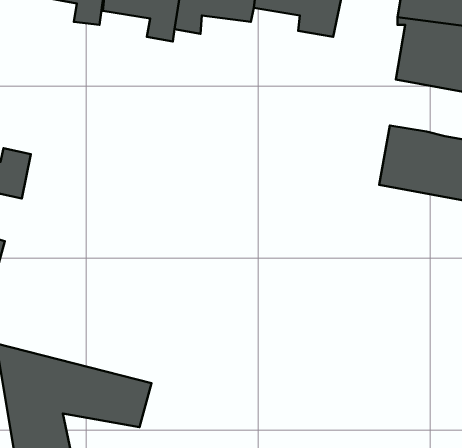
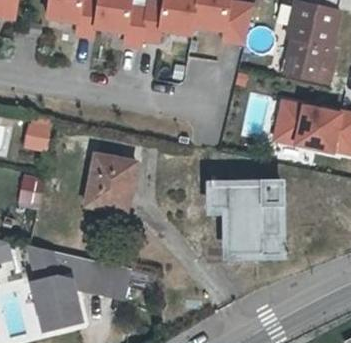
building: none -> [82,155,132,213]
building: none -> [207,185,280,259]

